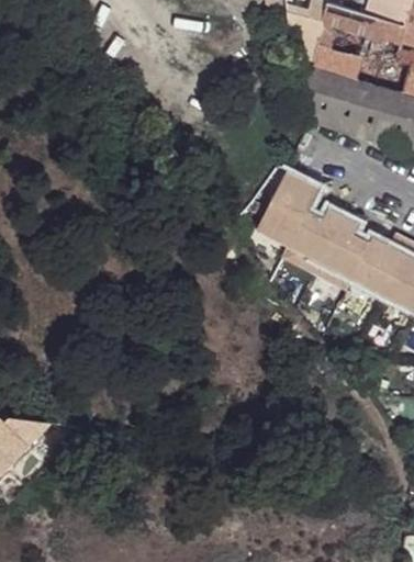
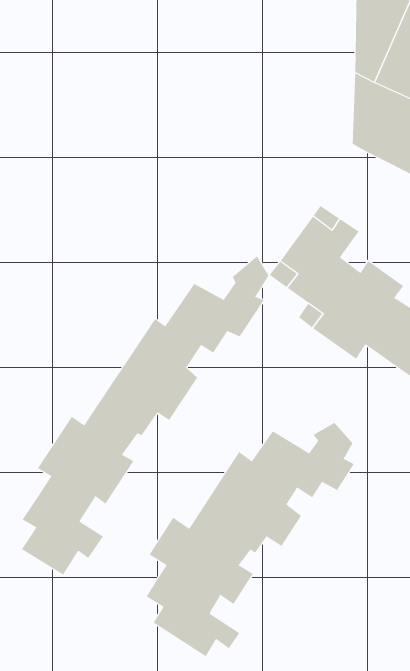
building: none -> [21,255,269,575]
building: none -> [146,422,355,657]

